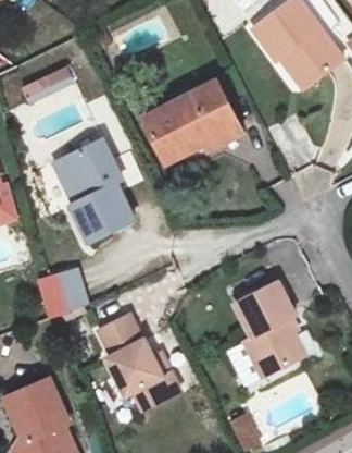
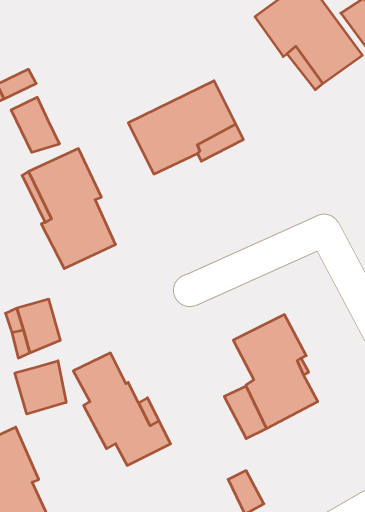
building: none -> [11,97,59,152]
building: none -> [15,361,66,414]

